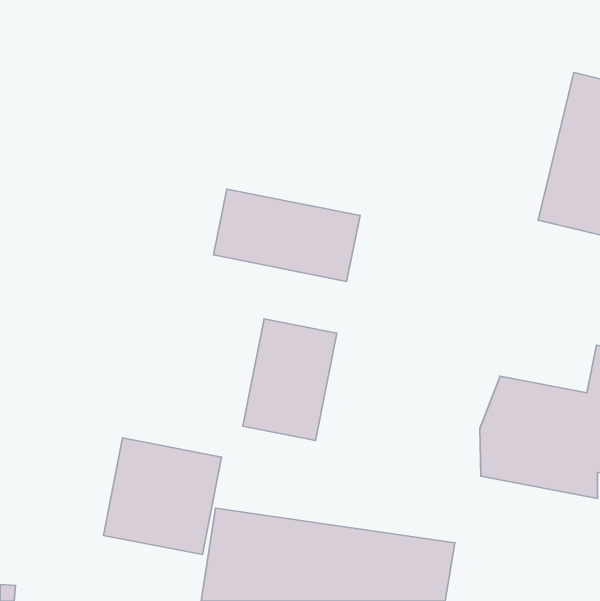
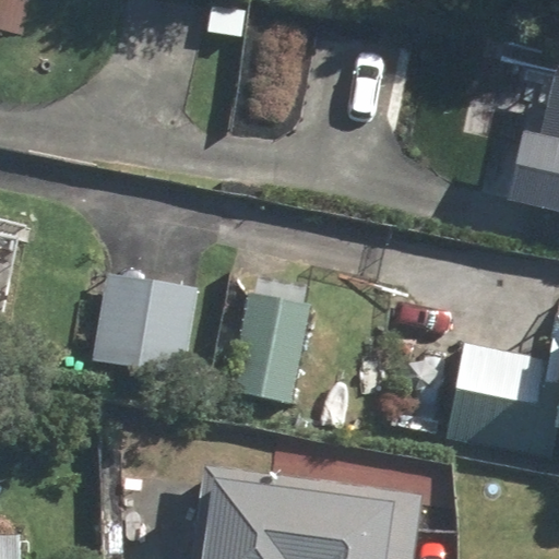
building: [213,189,360,282] -> none
building: [104,438,221,555] -> [92,274,200,381]

